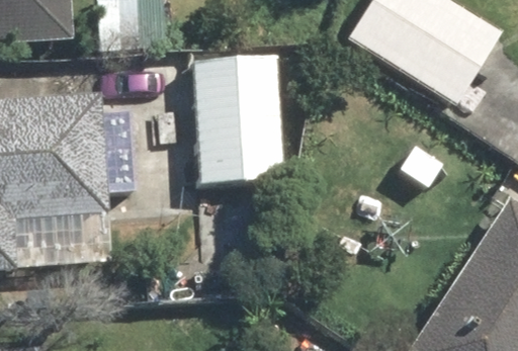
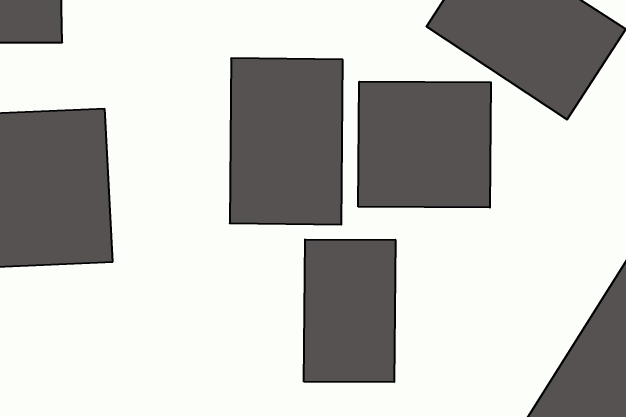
building: none -> [358,82,491,208]
building: none -> [304,239,395,382]

